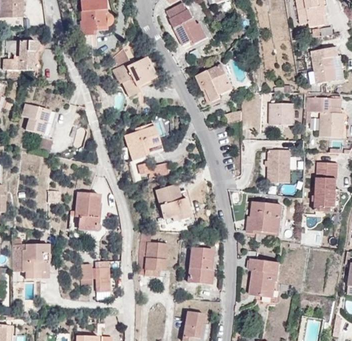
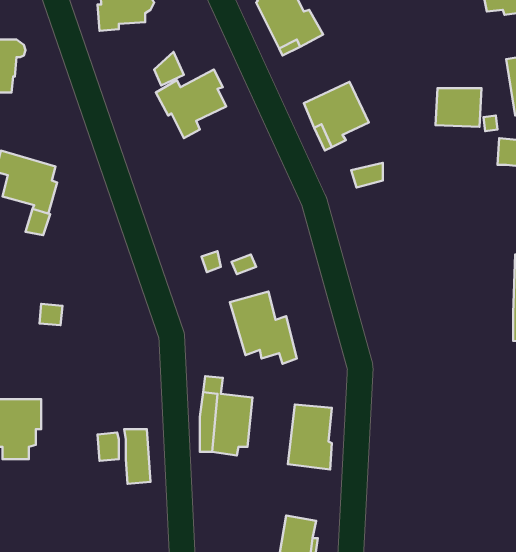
building: [269,103,295,125] -> [436,88,481,127]
building: [125,122,160,160] -> none
building: [268,149,295,182] -> none
building: [75,192,100,227] -> none
building: [247,201,283,234] -> none
building: [250,258,281,298] -> none

